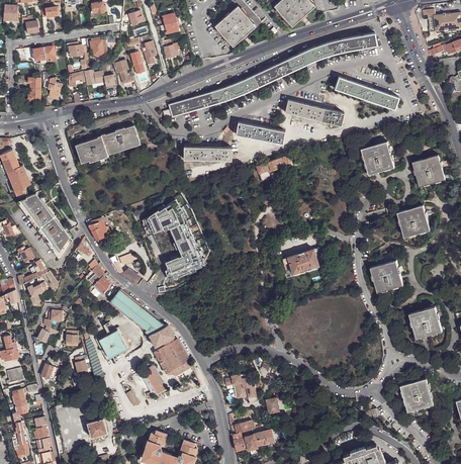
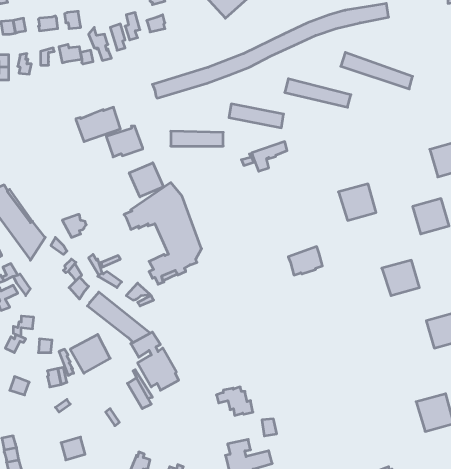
building: [74,136,106,164] -> [106,126,143,157]
building: [361,143,394,175] -> [338,184,376,220]
building: none -> [129,163,163,197]

